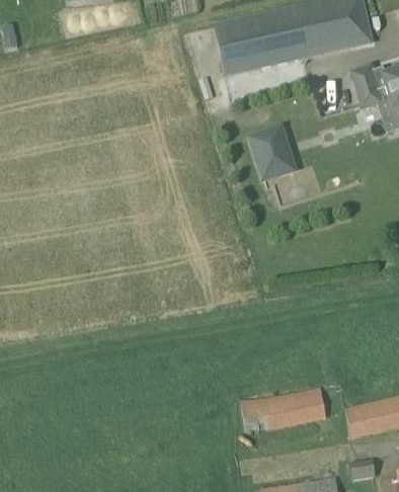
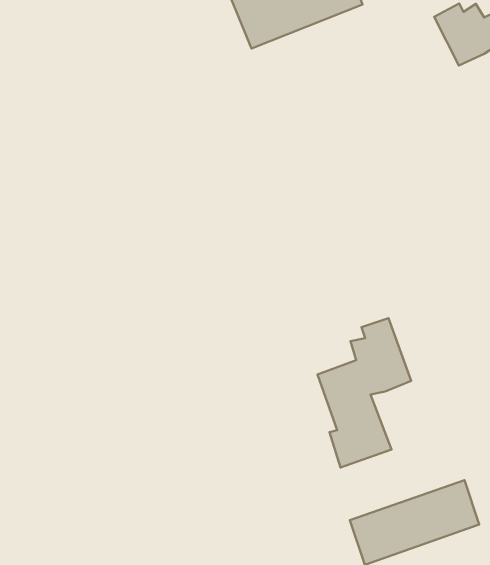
building: [251,133,281,181] -> none
building: none -> [318,318,411,467]

